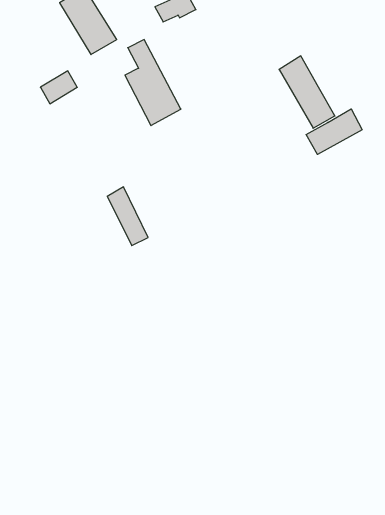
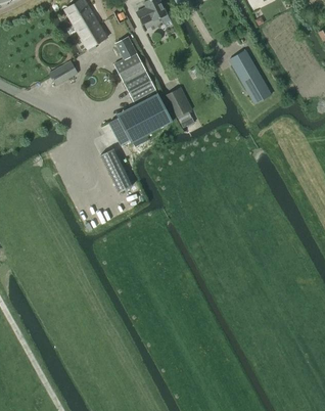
building: none -> [167,87,192,117]
building: [306,109,362,154] -> none
building: none -> [108,95,173,145]

